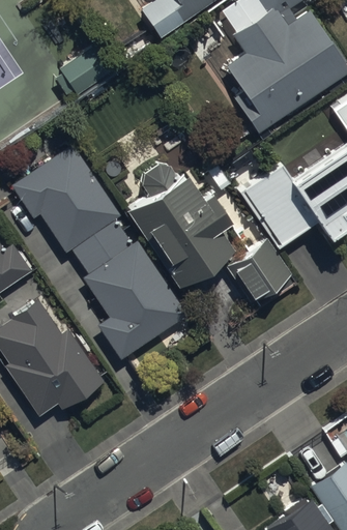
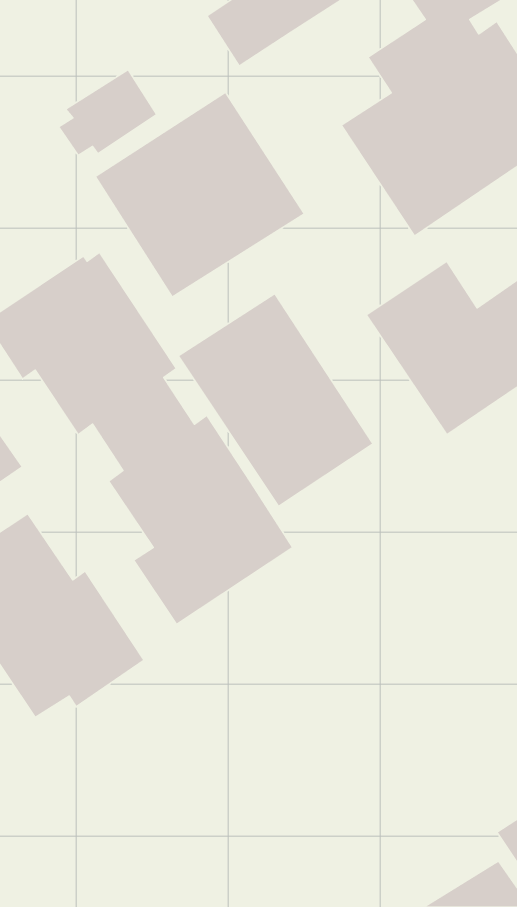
building: none -> [95,92,304,297]
building: [224,242,292,308] -> none

